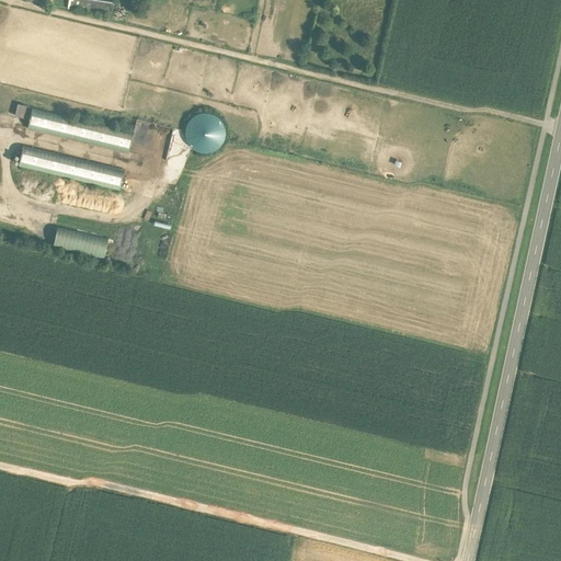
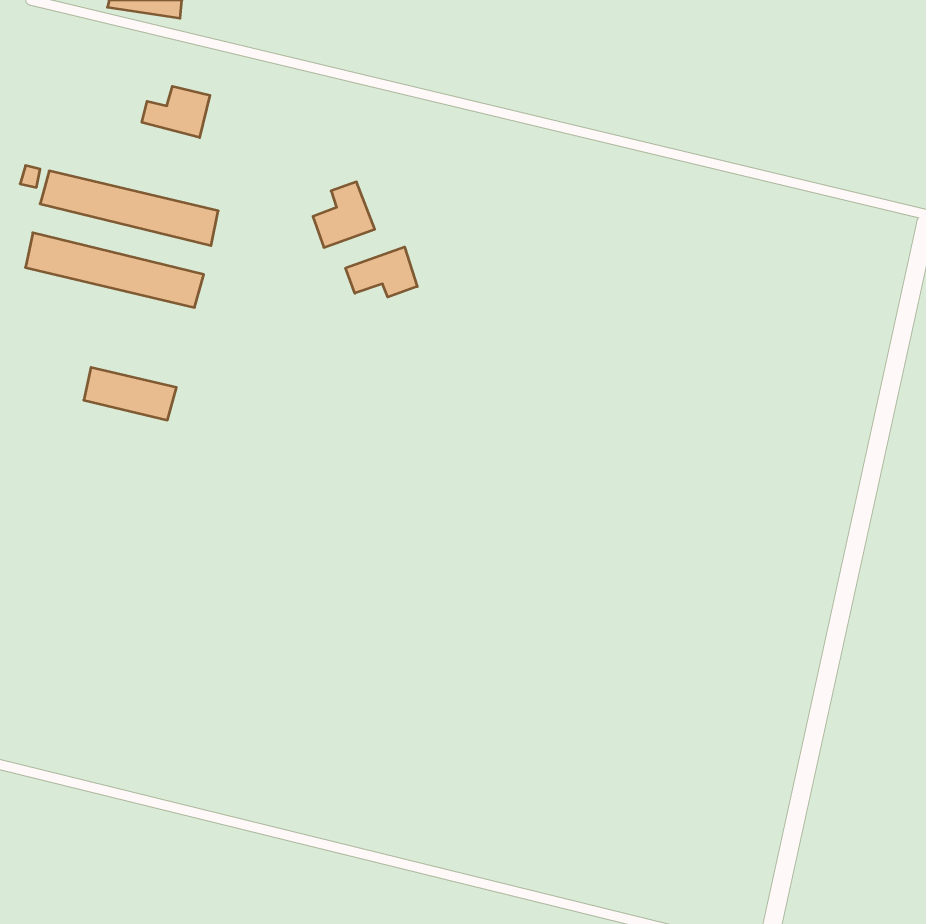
building: none -> [142,86,210,138]
building: none -> [346,247,417,297]

